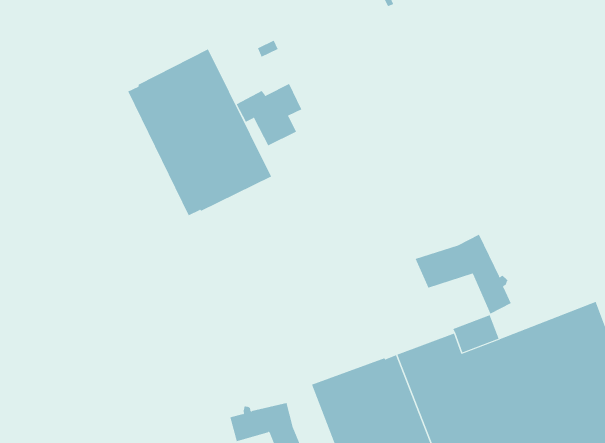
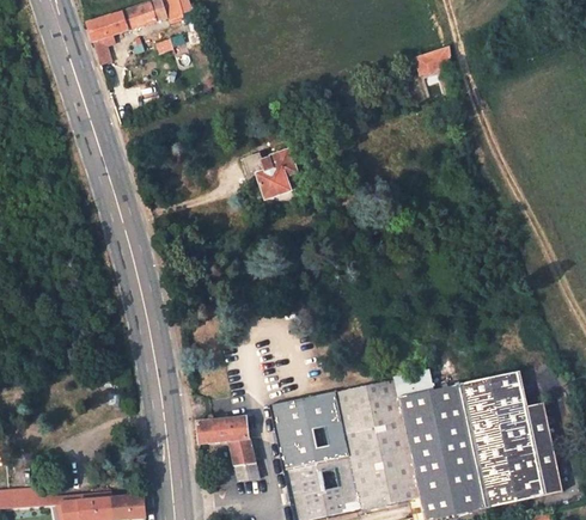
building: [127,48,272,216] -> none
building: [415,234,511,315] -> none

